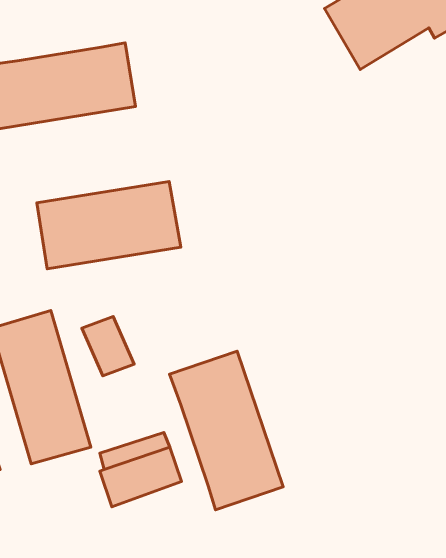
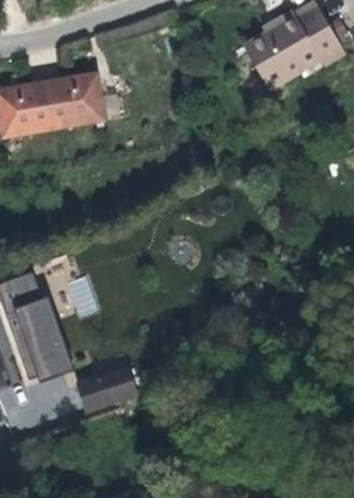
building: [37,182,181,269] -> none
building: [170,351,283,510] -> none

